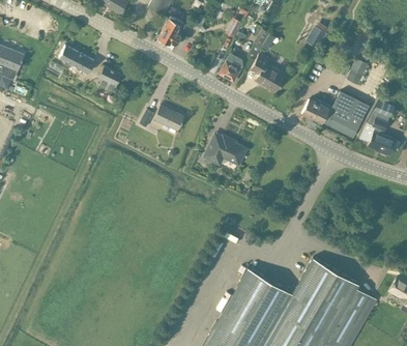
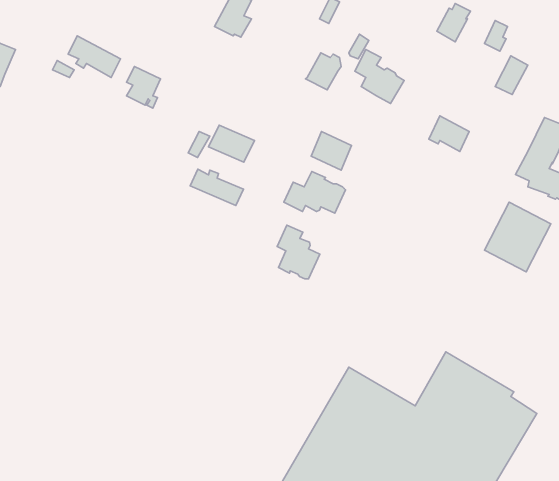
building: [324,93,369,140] -> [484,202,551,272]
building: none -> [311,131,351,170]
building: none -> [190,169,244,206]
building: none -> [277,225,320,279]

